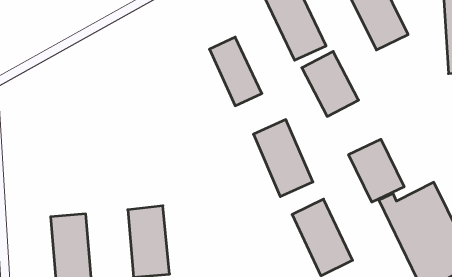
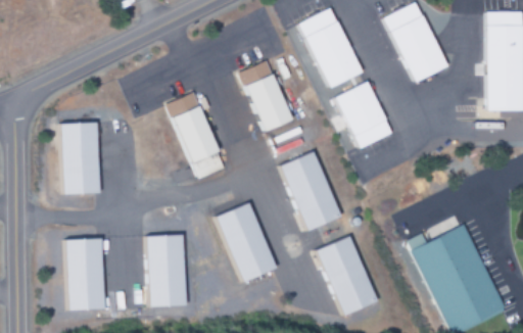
building: none -> [168,93,224,180]
building: none -> [60,124,100,197]
building: [349,139,404,202] -> none
building: none -> [217,202,276,282]

